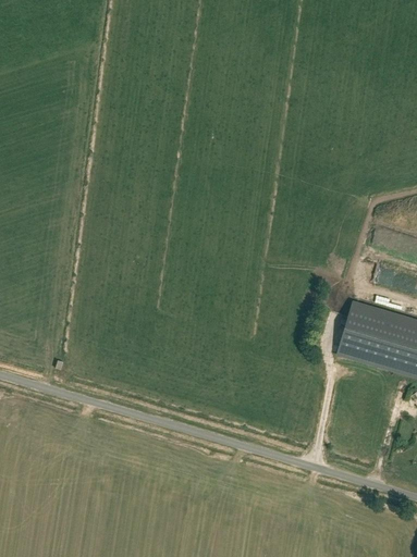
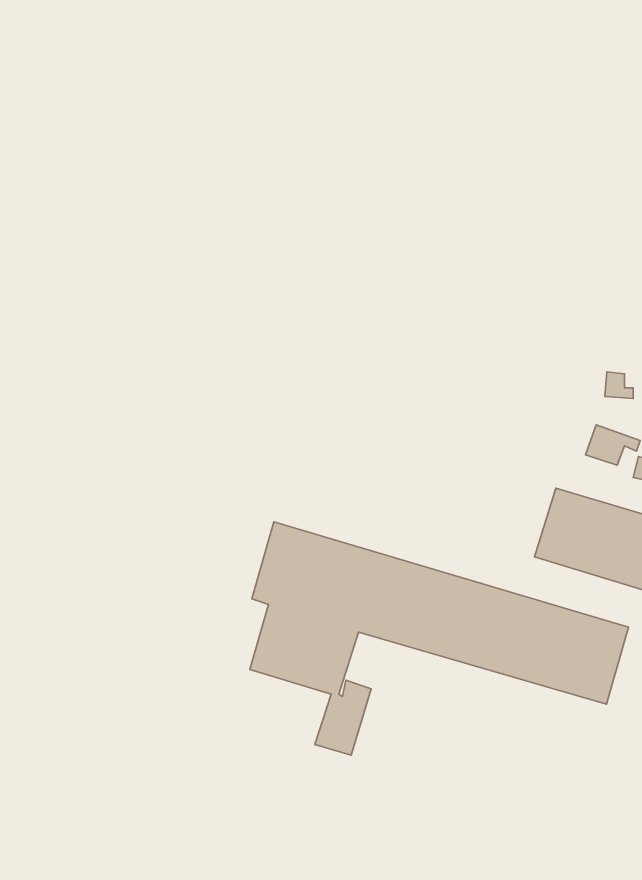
building: none -> [250,522,628,755]

